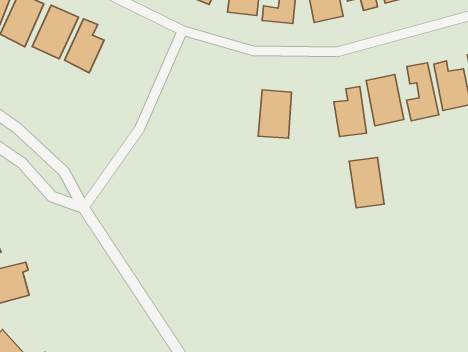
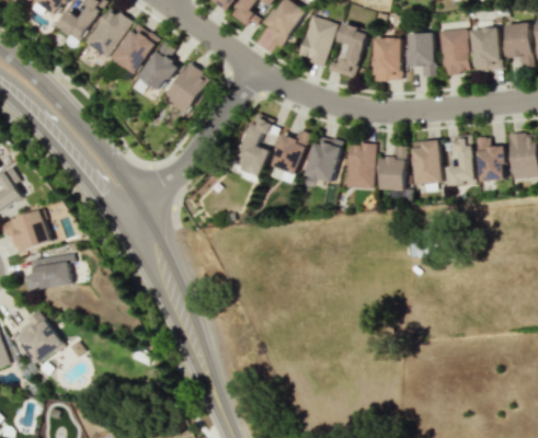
building: none -> [163,61,209,114]
building: none -> [238,112,271,176]
building: none -> [270,128,311,174]
building: [349,158,384,208] -> [345,142,373,187]

